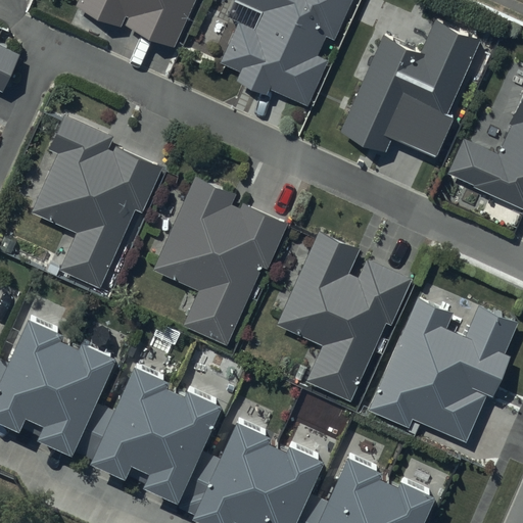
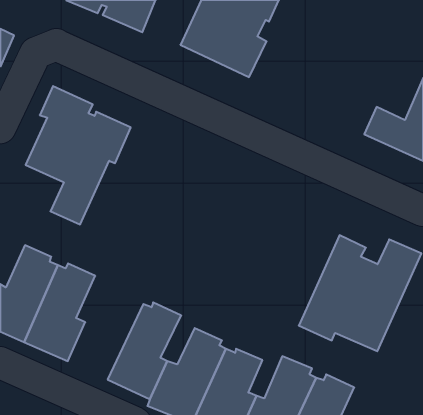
building: [340,21,479,154] -> none
building: [152,177,283,348] -> none
building: [276,233,412,403] -> none
building: [84,359,177,478] -> none

